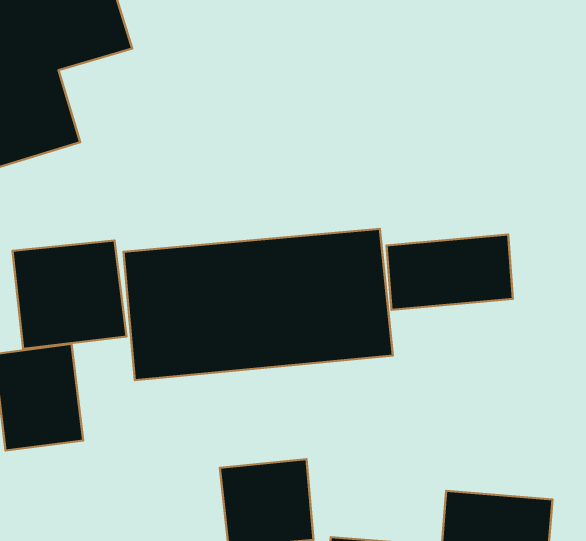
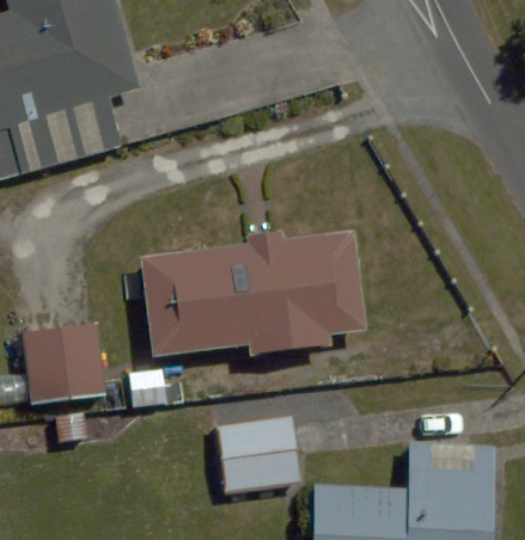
building: [387,234,513,310] -> none
building: [13,240,126,349] -> none

